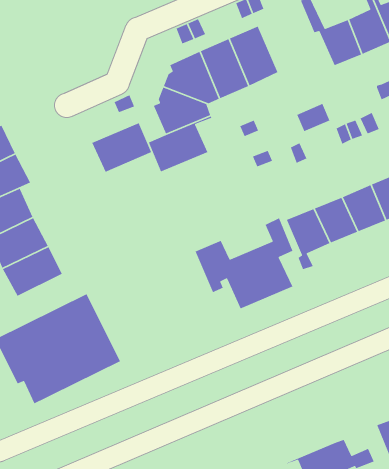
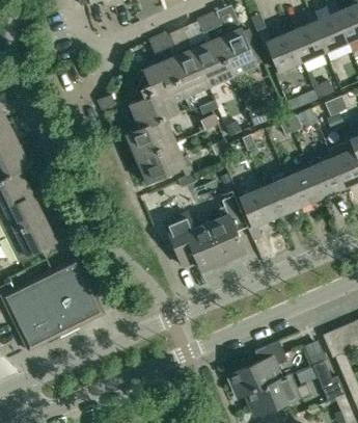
building: none -> [216,27,257,76]
building: [91,122,152,173] -> [136,141,186,183]
building: none -> [230,341,286,396]

